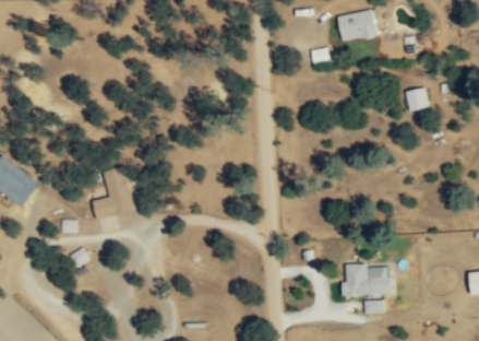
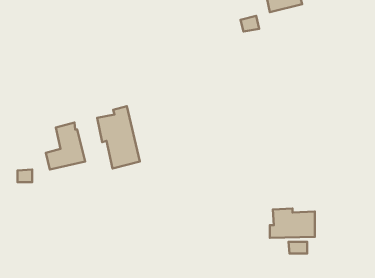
building: [405,86,429,110] -> none
building: none -> [97,106,140,169]

